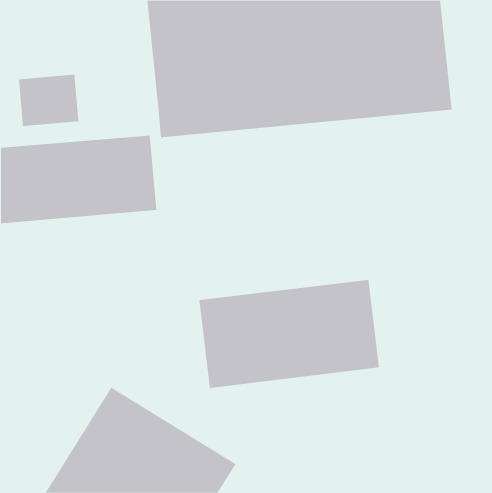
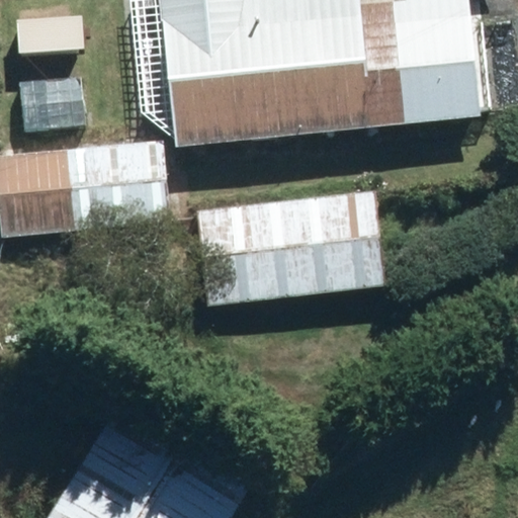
building: [198,280,380,389] -> [195,193,385,308]

